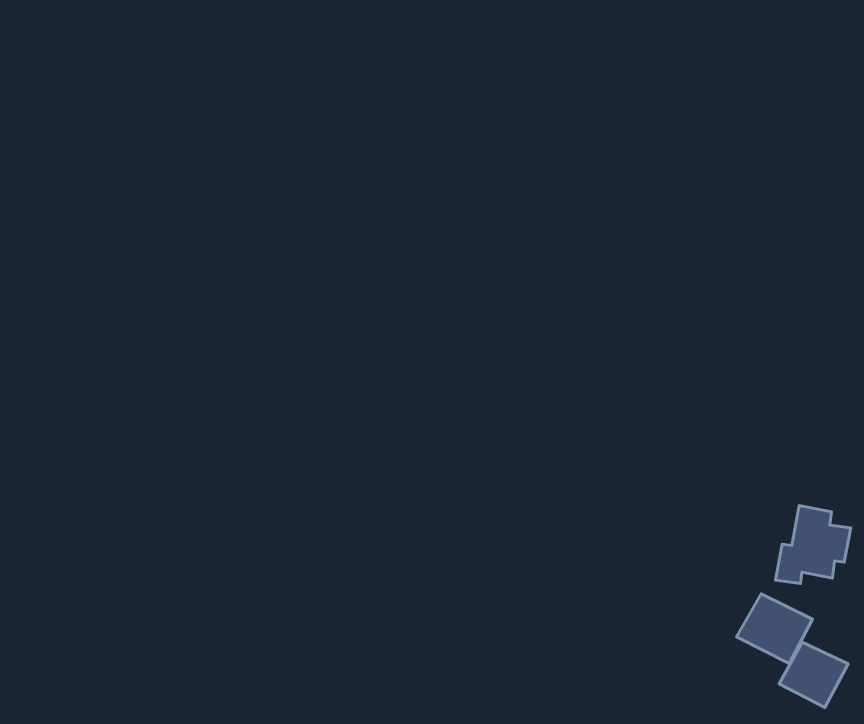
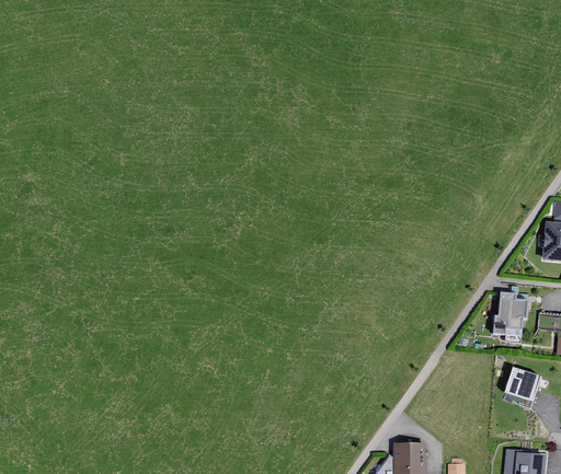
building: [736,594,812,664] -> none

